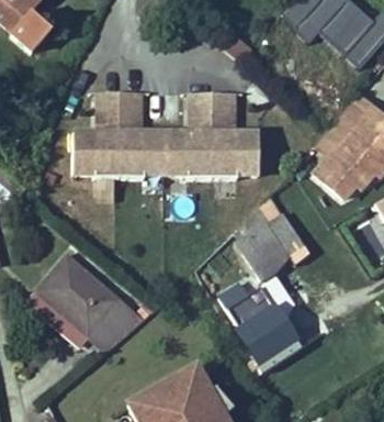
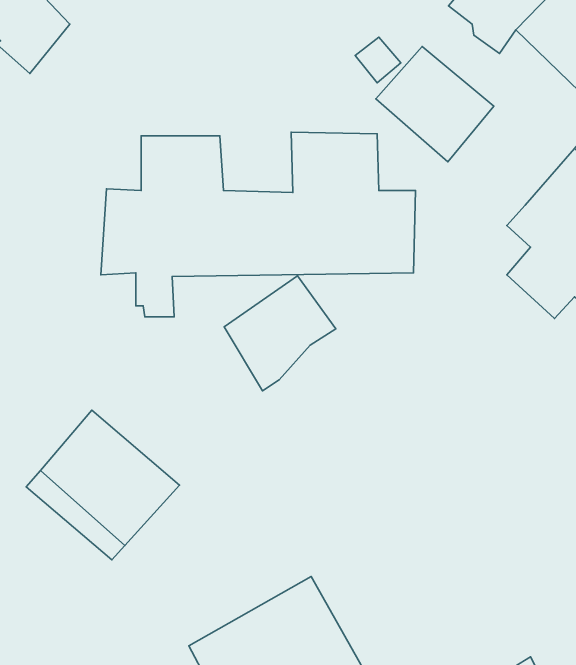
building: none -> [376,46,494,162]
building: [239,212,306,281] -> [224,276,336,391]
building: [219,281,306,378] -> none
building: [87,303,142,354] -> none

